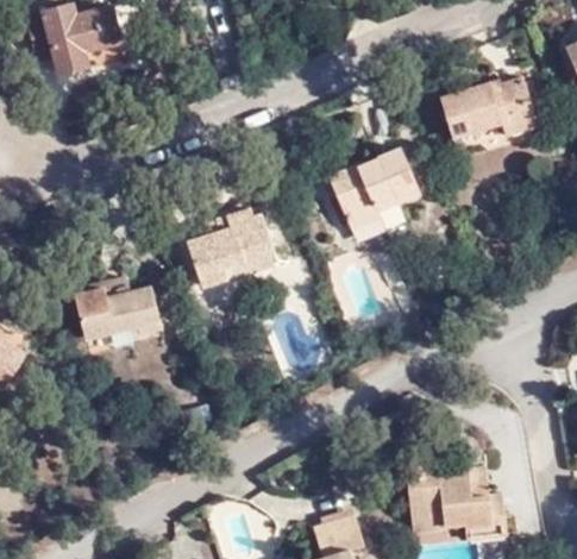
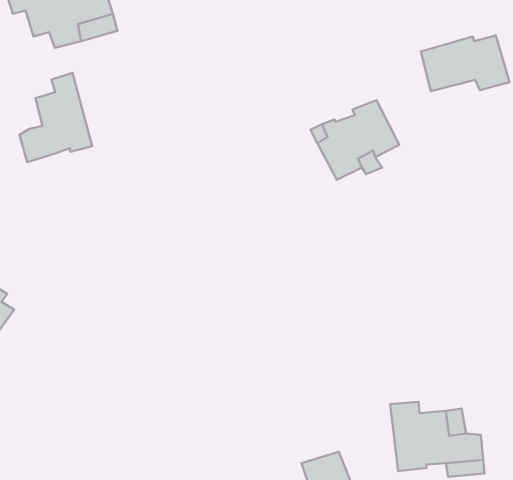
building: none -> [19,73,92,162]
building: [189,212,272,289] -> none
building: [75,281,162,341] -> none

